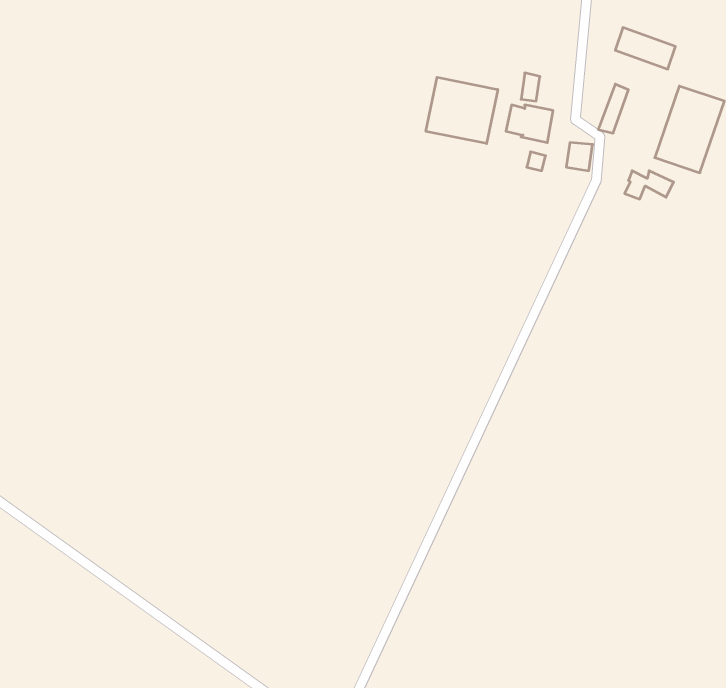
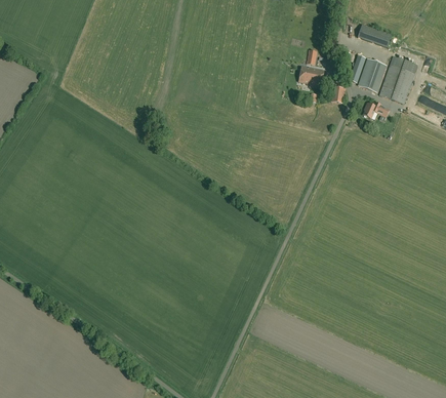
building: [426,77,498,144] -> none
building: none -> [358,58,386,91]

